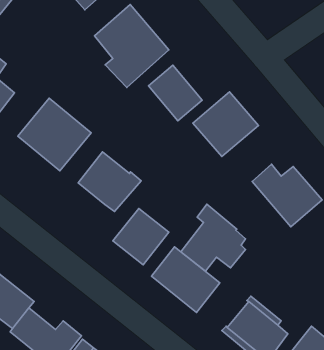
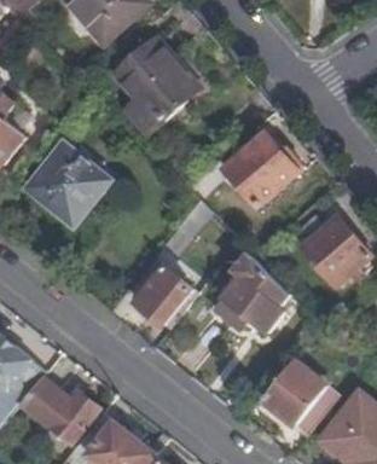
building: [148,65,202,121] -> none
building: [78,152,141,211] -> none
building: [151,247,220,312] -> none

